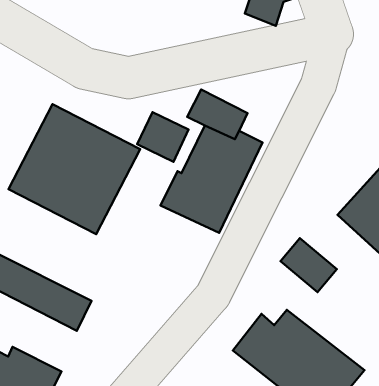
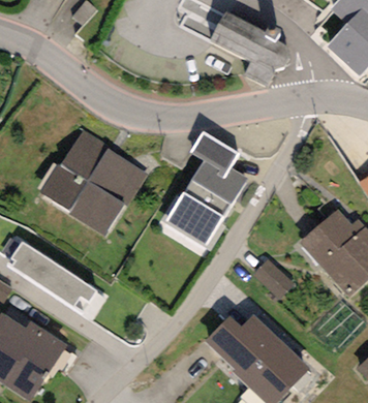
building: [137,112,189,162] -> none

